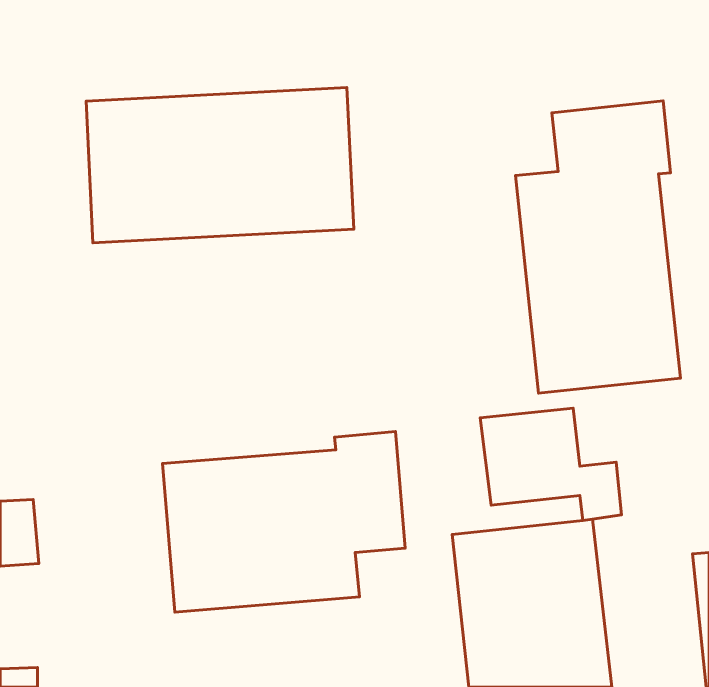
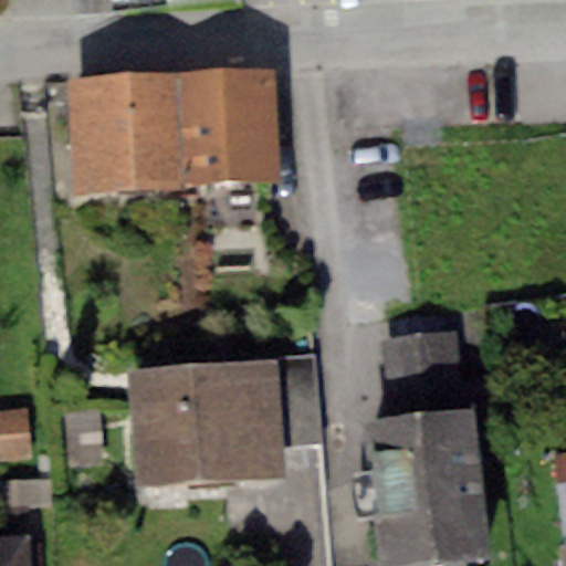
building: [515,101,681,393] -> none

